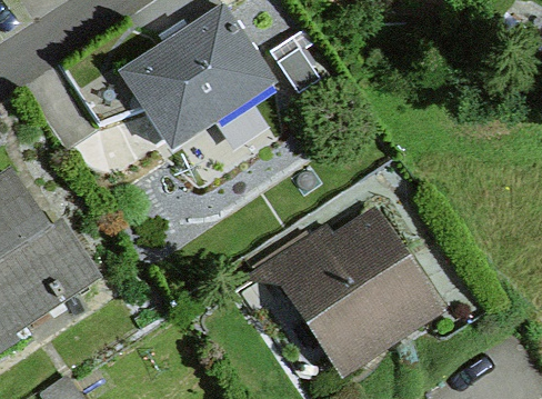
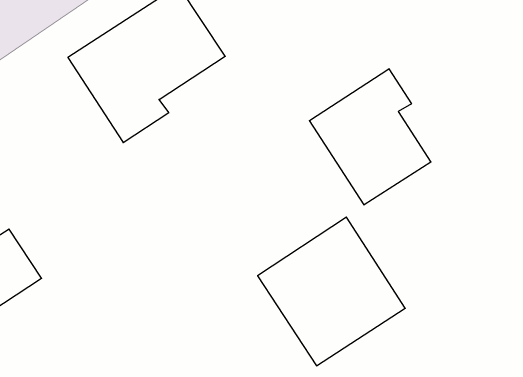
building: none -> [309,69,431,205]

